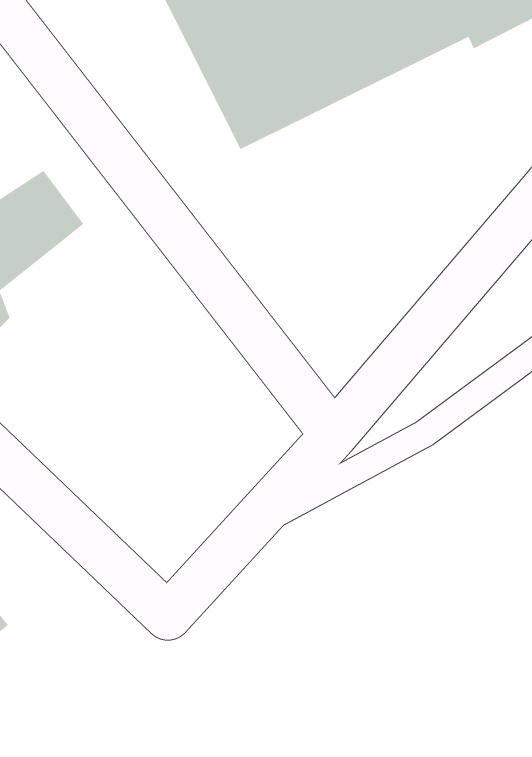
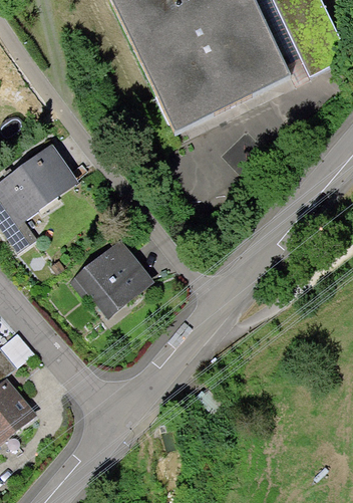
building: none -> [75,240,152,316]

